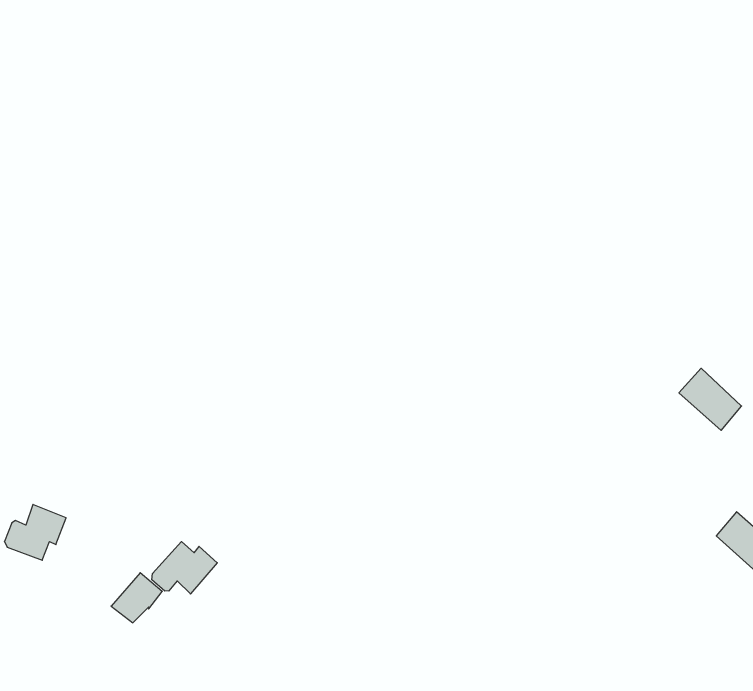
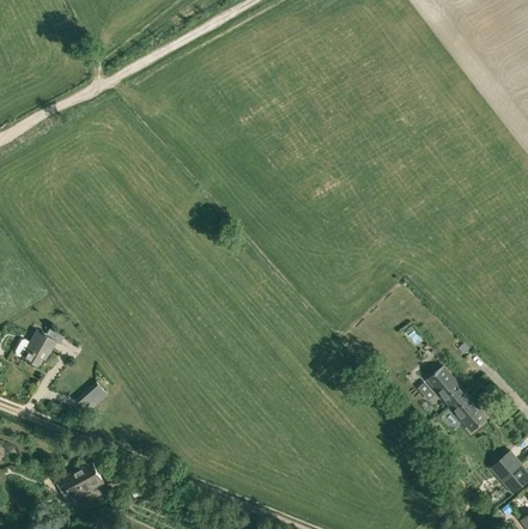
building: [679,368,742,430] -> [427,366,465,406]
building: [152,542,217,594] -> none

